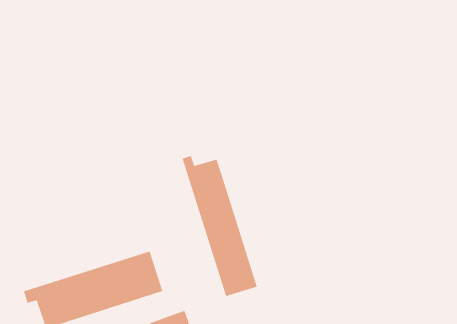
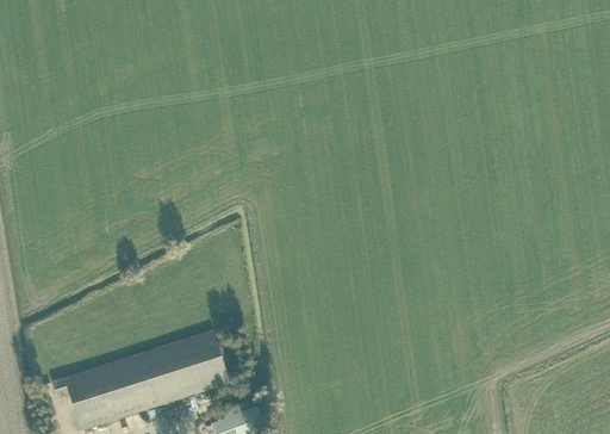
building: [182,155,258,297] -> none

